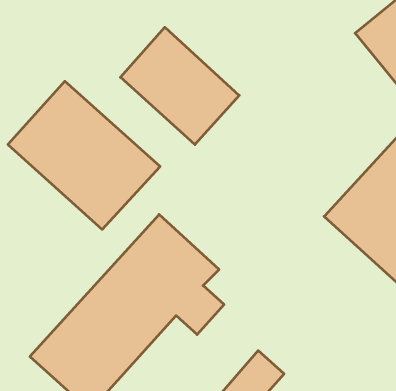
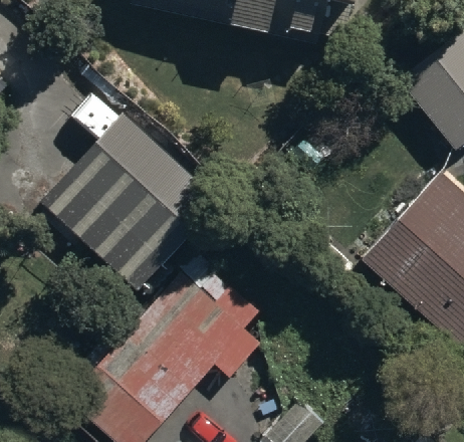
building: [120,27,239,145] -> none

